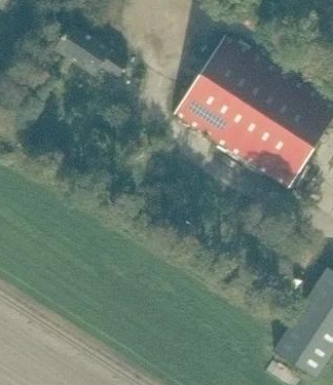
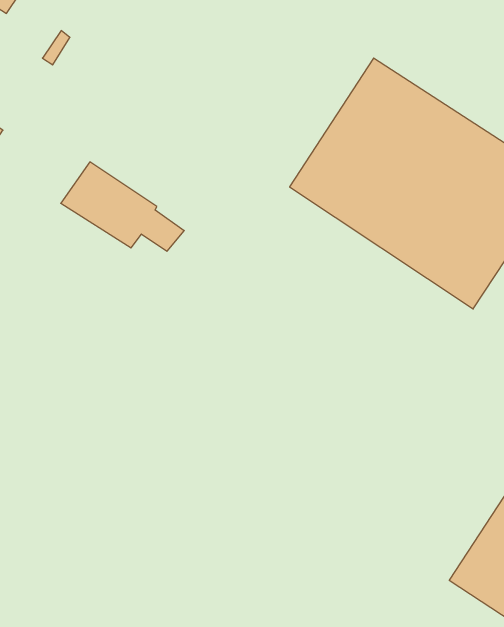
building: [52,24,126,77] -> [61,162,184,251]

